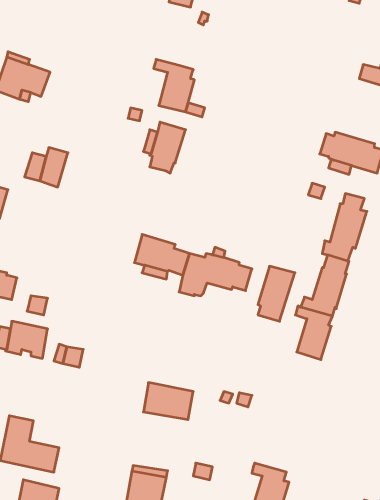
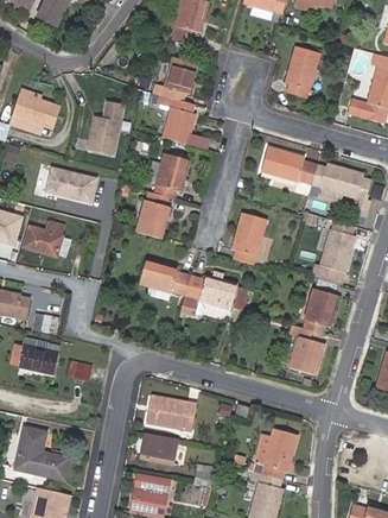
building: none -> [286,46,319,99]
building: none -> [154,57,198,101]
building: none -> [89,102,125,156]
building: none -> [261,146,318,183]
building: none -> [136,192,171,239]
building: none -> [25,220,66,255]
building: [258,266,295,321] -> [233,214,267,265]
building: none -> [252,428,299,479]
building: none -> [141,432,178,463]

